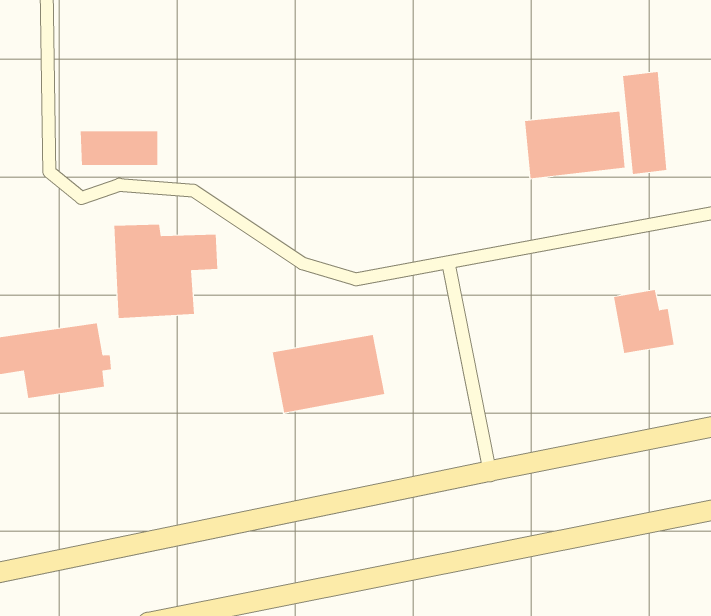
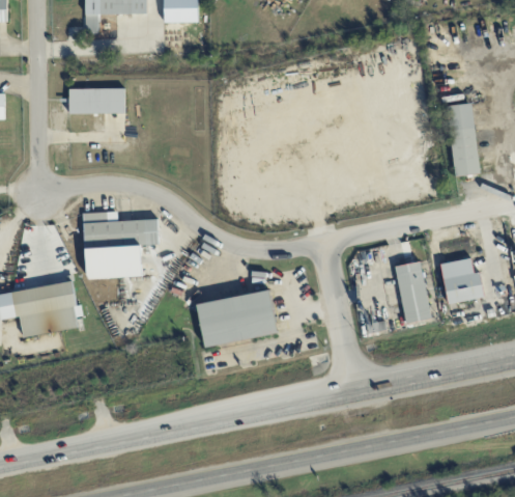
building: [524,111,625,179] -> none
building: [80,131,158,166] -> [68,88,124,113]
building: none -> [395,261,431,324]

